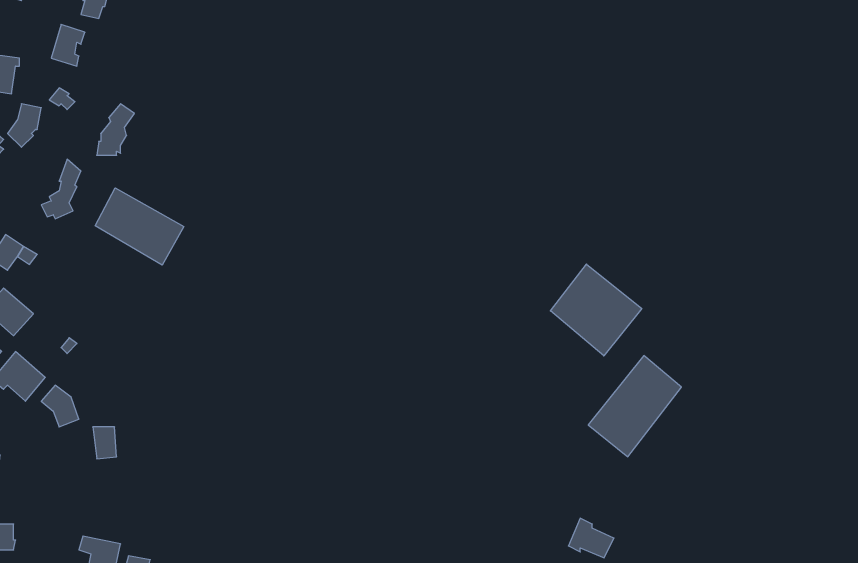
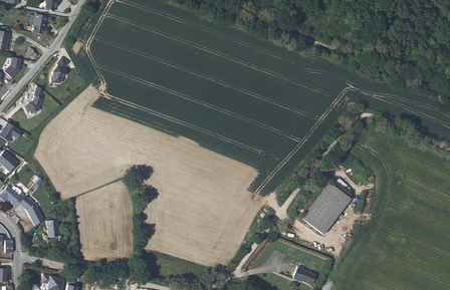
building: [95,188,184,265] -> none
building: [550,264,642,356] -> none

